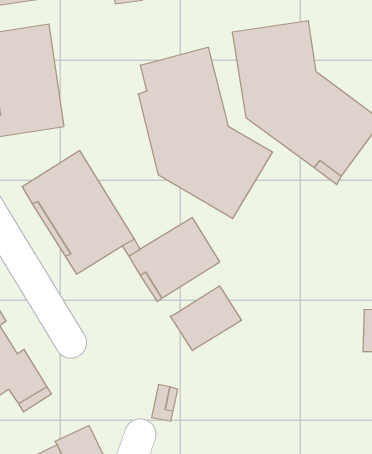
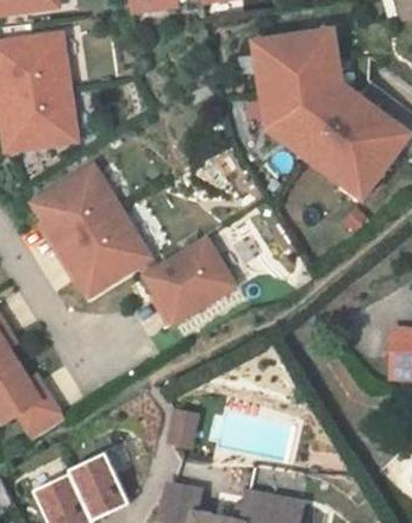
building: [138,47,273,219] -> none
building: [170,286,241,351] -> none

